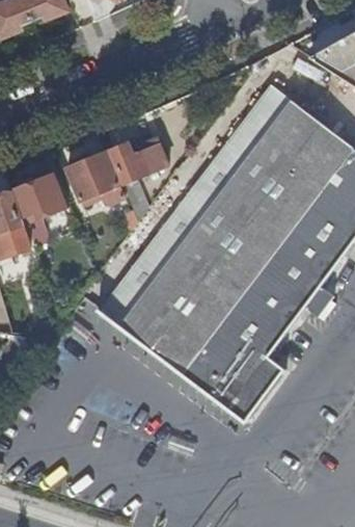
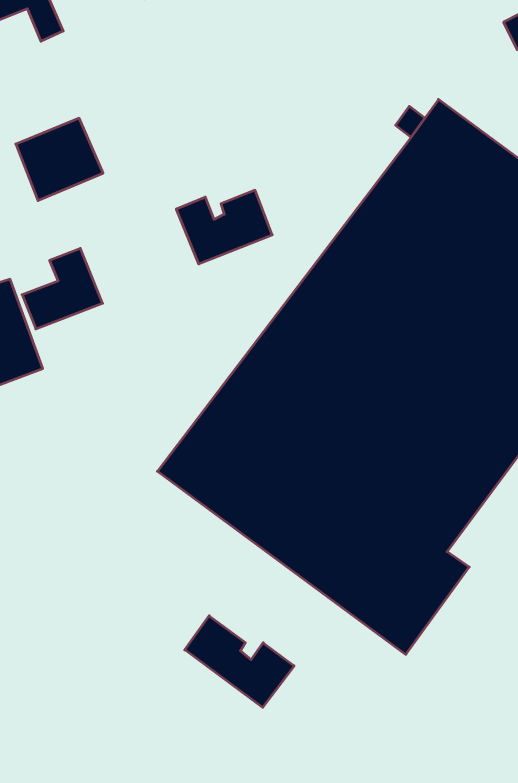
building: [65,153,118,203] -> [16,118,103,201]
building: none -> [185,616,294,707]

